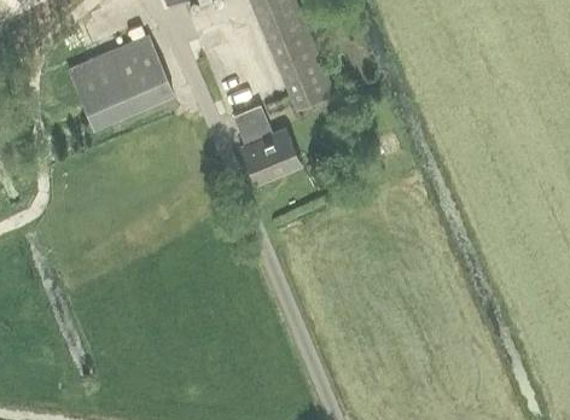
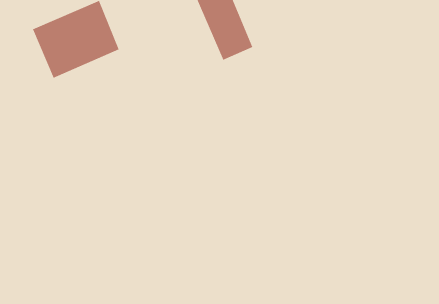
building: [233,104,301,182] -> none

